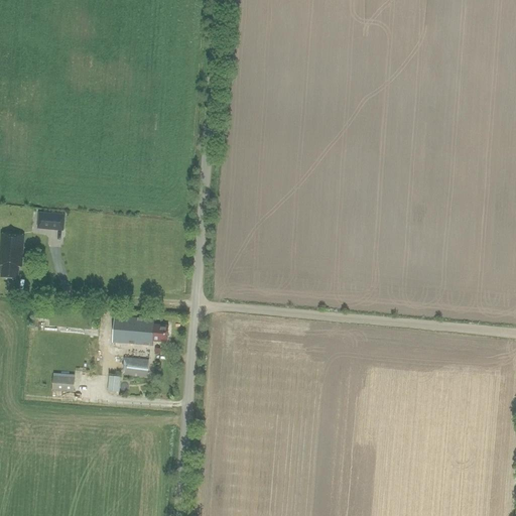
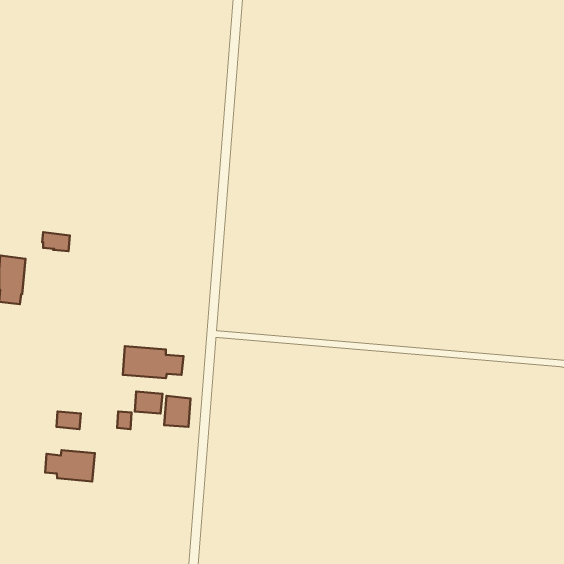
building: none -> [164,396,191,427]
building: none -> [45,450,95,481]

